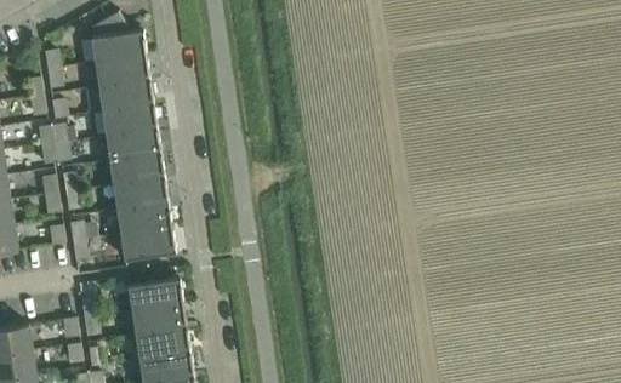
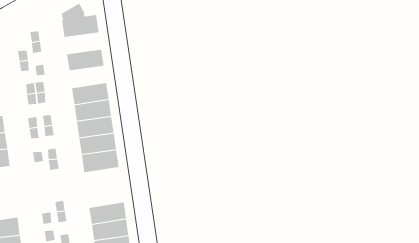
building: [95,56,150,87] -> none
building: [102,104,158,137] -> none
building: [127,278,183,311] -> none

